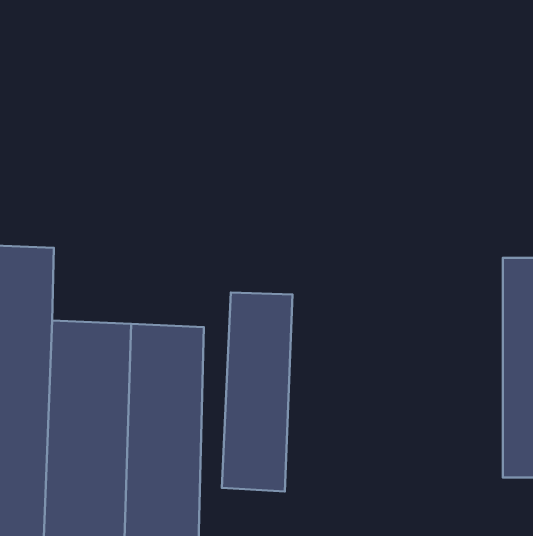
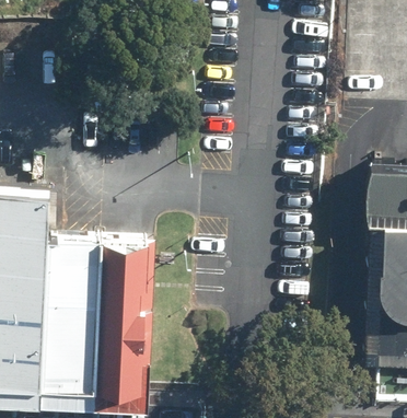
building: [222,292,293,491] -> none

